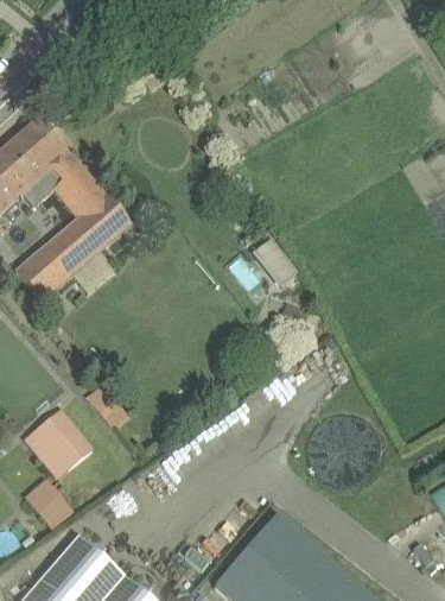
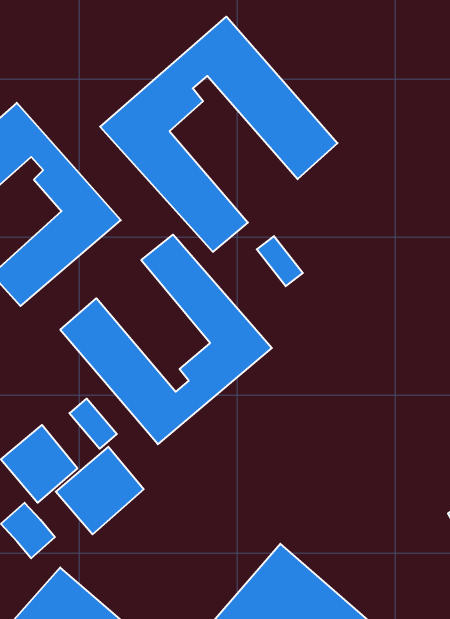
building: none -> [100,17,338,252]
building: none -> [60,235,272,444]
building: none -> [56,447,144,534]

